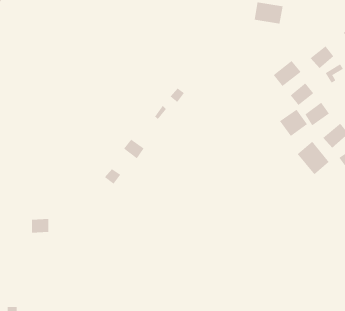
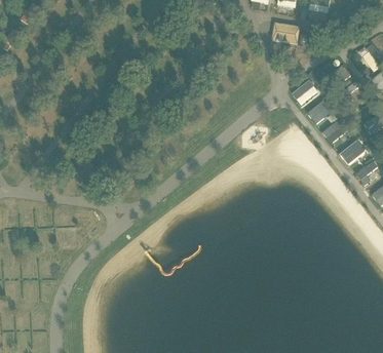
building: [279,109,308,137] -> none
building: [297,141,330,175] -> none

